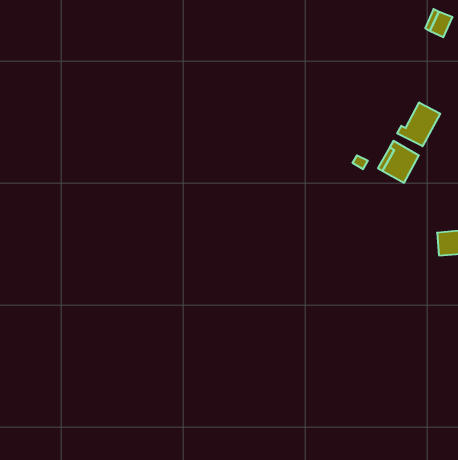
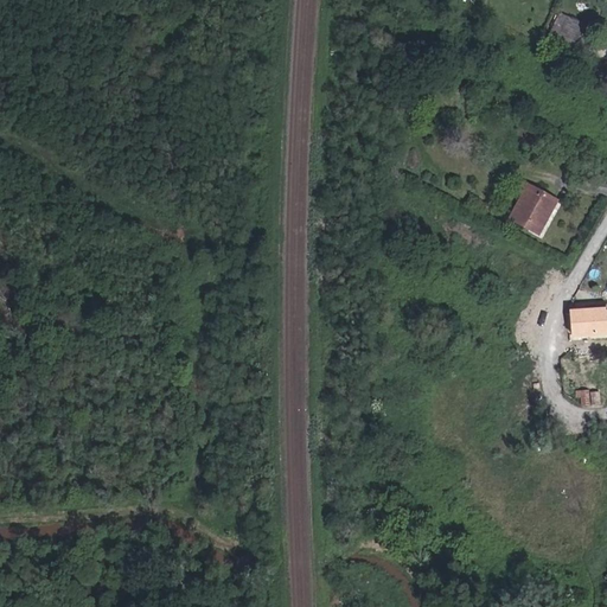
building: [397,102,440,146] -> none

